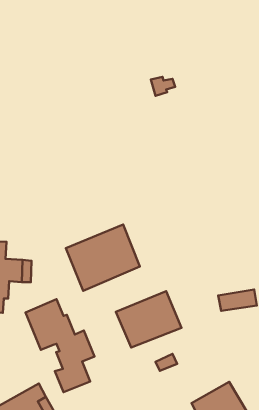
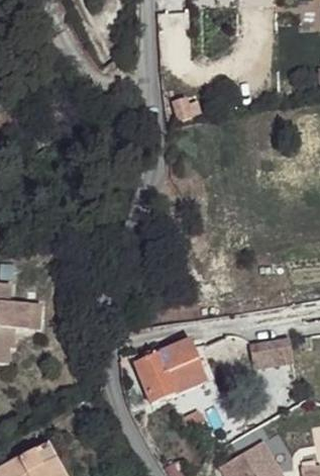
building: [66,225,140,291] -> none
building: [25,299,94,392] -> none

